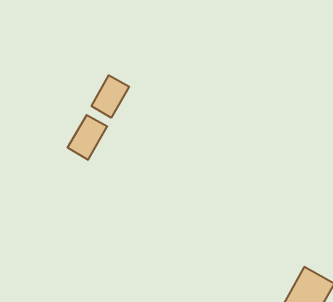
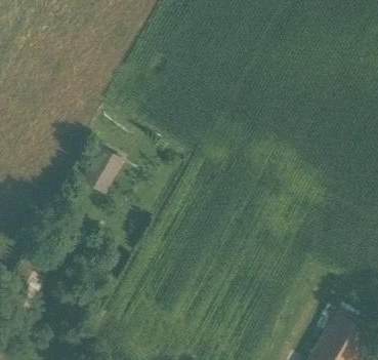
building: [92,75,129,118] -> none

